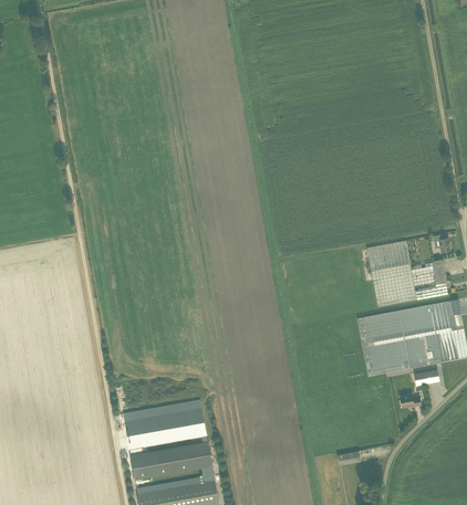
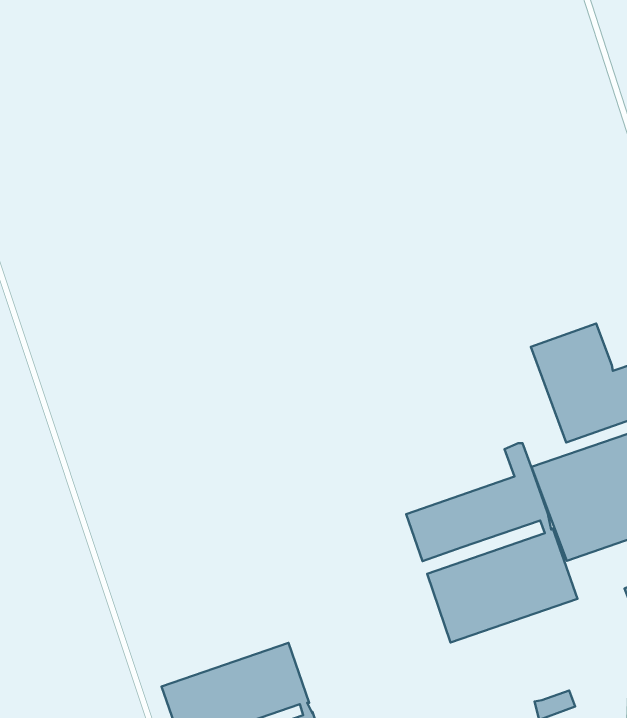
building: none -> [406,443,577,642]

